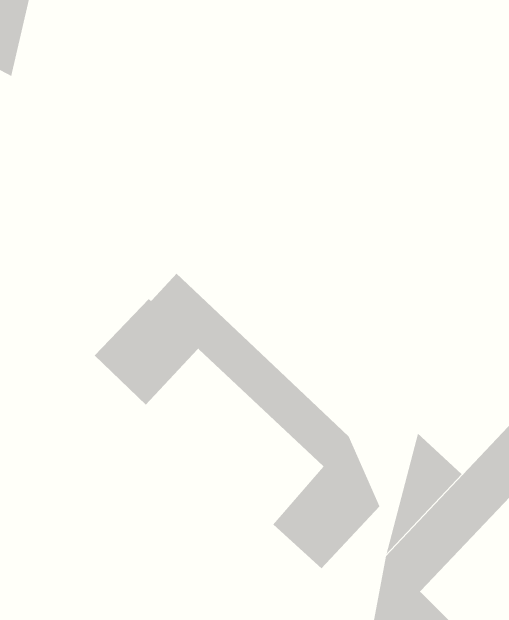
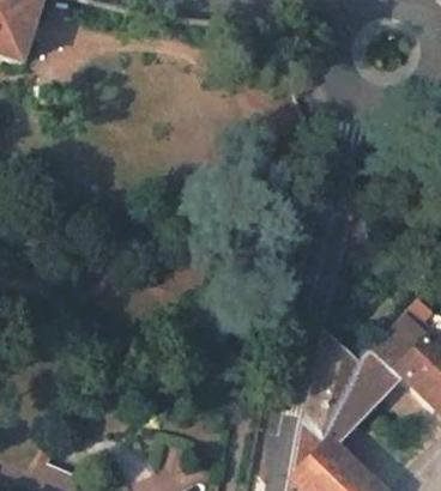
building: [94,273,380,569] -> none

